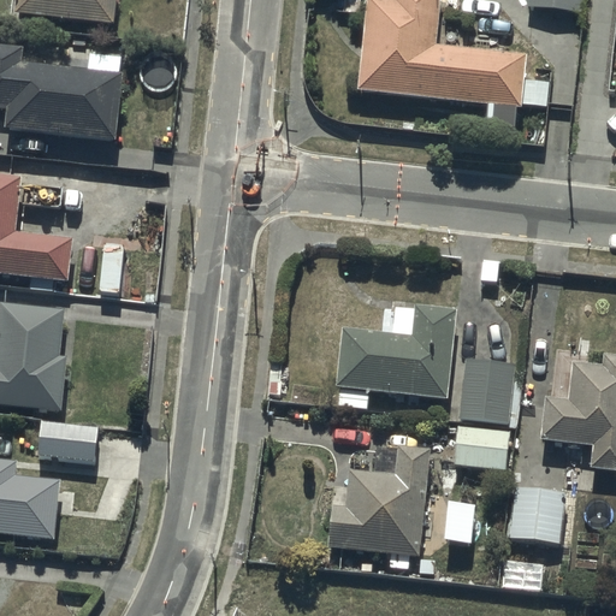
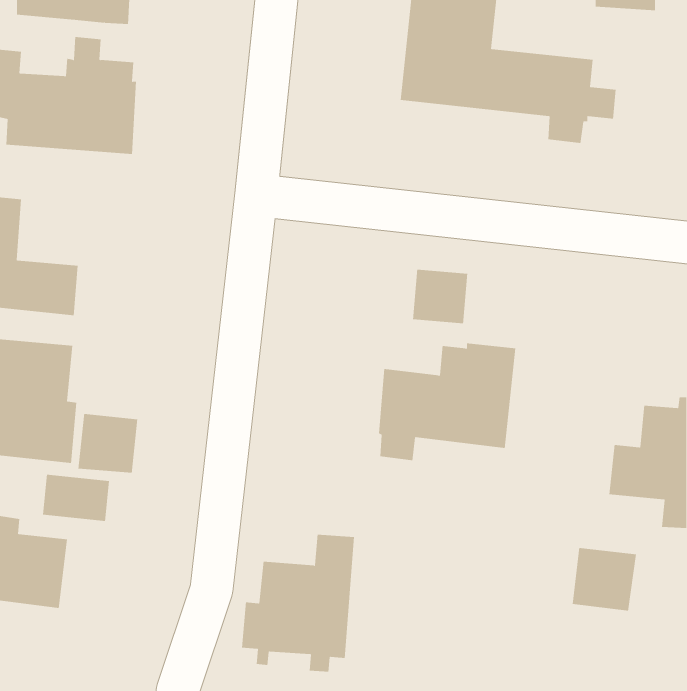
building: none -> [413,269,468,324]
building: [457,359,516,425] -> none
building: none -> [78,413,138,474]
building: [452,427,509,470] -> none
building: [328,445,430,568] -> [241,534,355,672]

